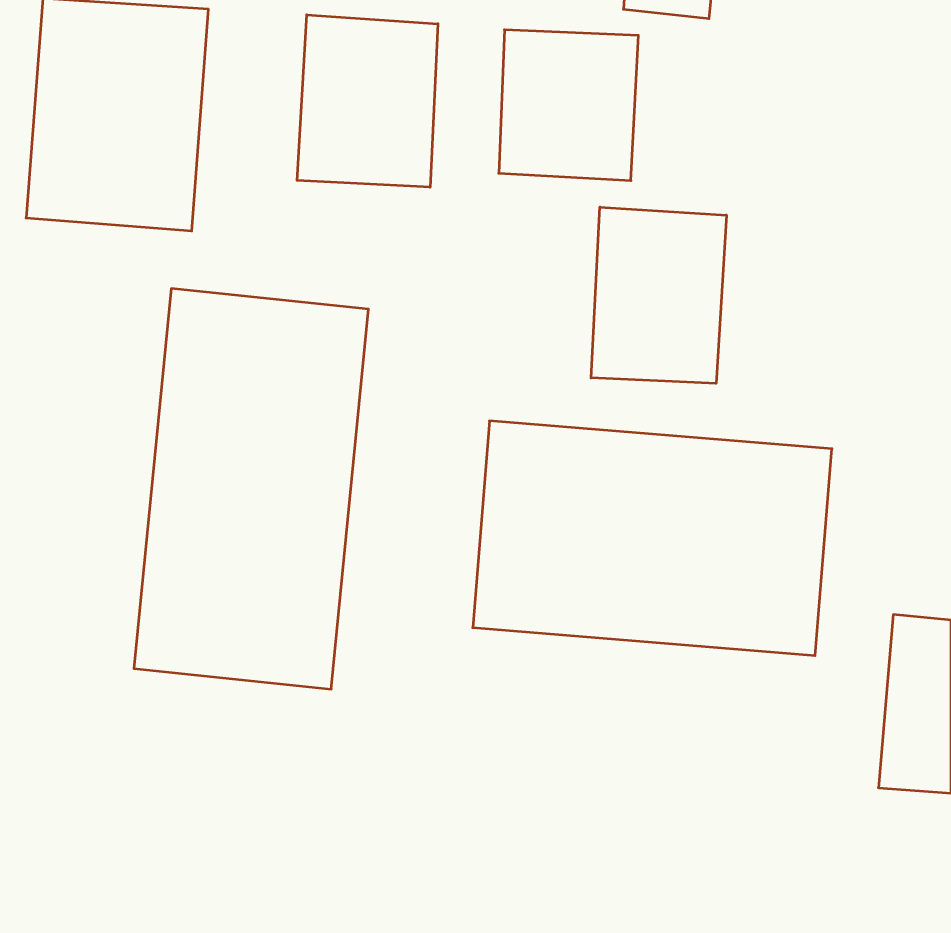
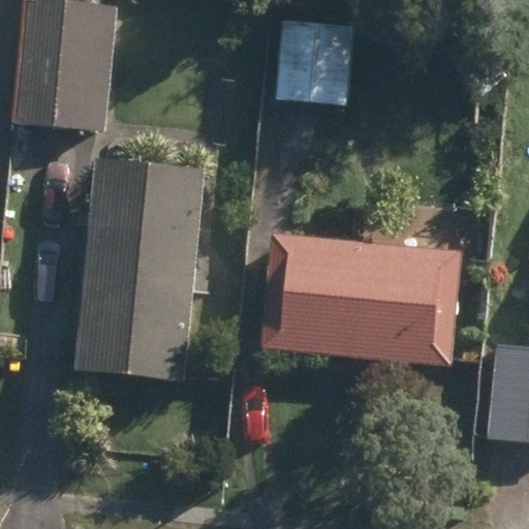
building: [297,15,438,187] -> none
building: [591,207,726,383] -> none

